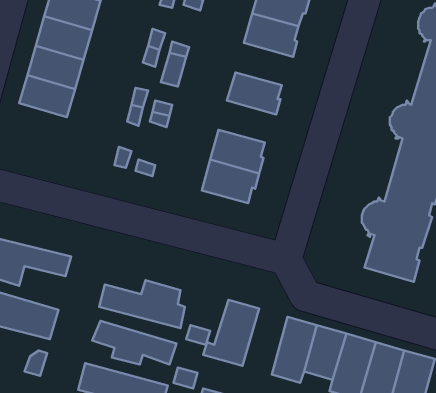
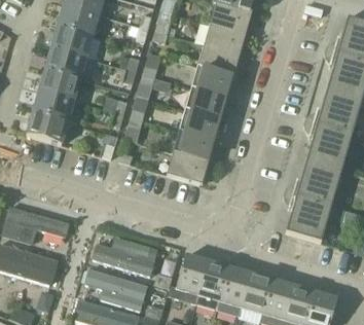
building: none -> [191,67,233,98]
building: none -> [179,109,221,140]
building: none -> [27,111,68,144]
building: none -> [196,261,229,310]

